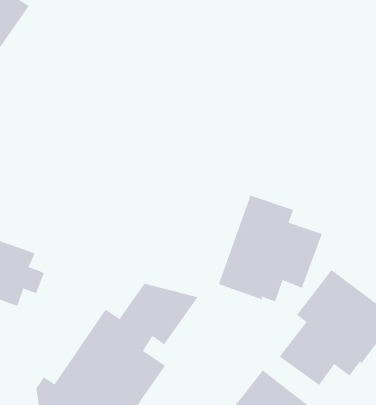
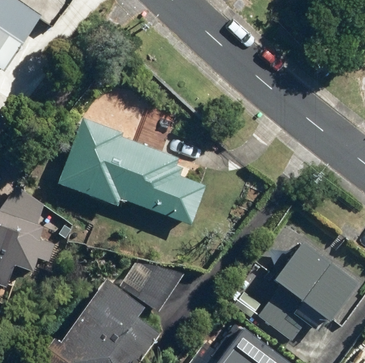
building: none -> [57,122,207,226]
building: [218,195,323,302] -> none

